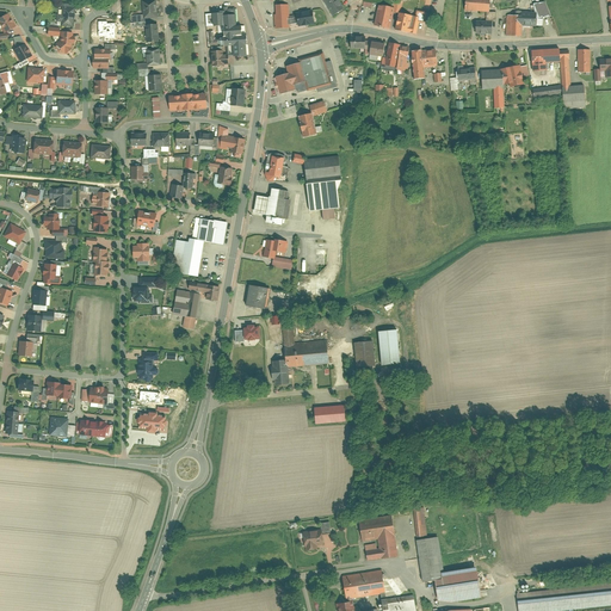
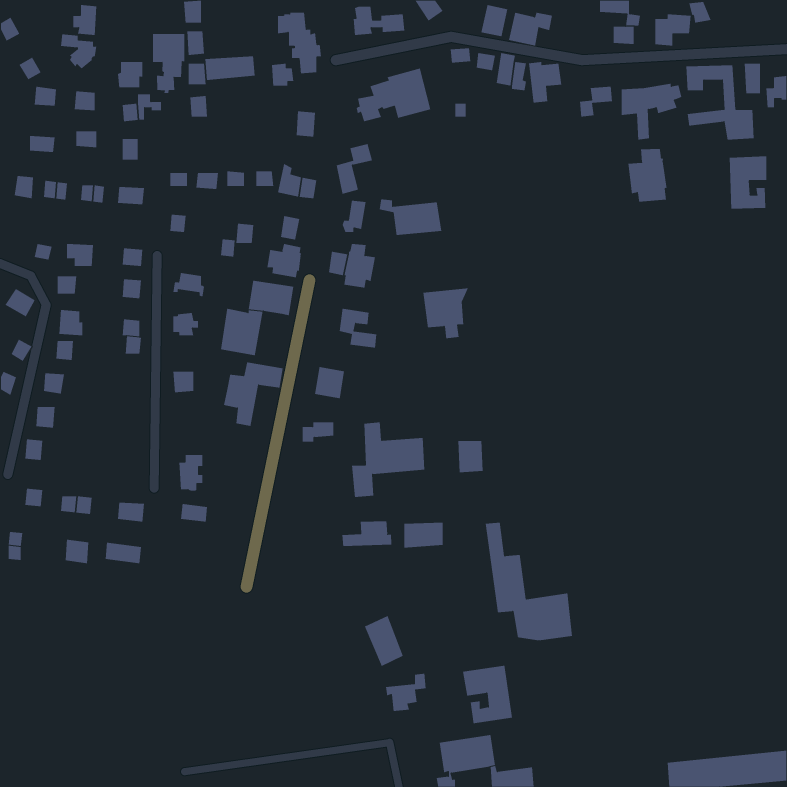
building: none -> [152,33,185,94]
building: [167,92,206,111] -> [205,56,255,80]
building: [297,99,326,138] -> [336,144,373,194]
building: none -> [628,148,667,202]
building: none -> [729,156,767,209]
building: [307,179,342,218] -> [423,288,469,339]
building: none -> [267,243,302,278]
building: [378,329,401,366] -> none
building: none -> [342,521,392,547]
building: [138,413,166,436] -> none
building: none -> [364,615,404,667]
building: [412,510,480,601] -> [485,522,573,641]

